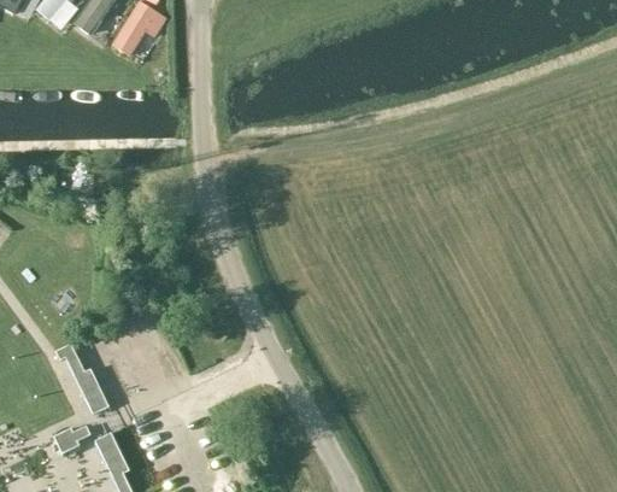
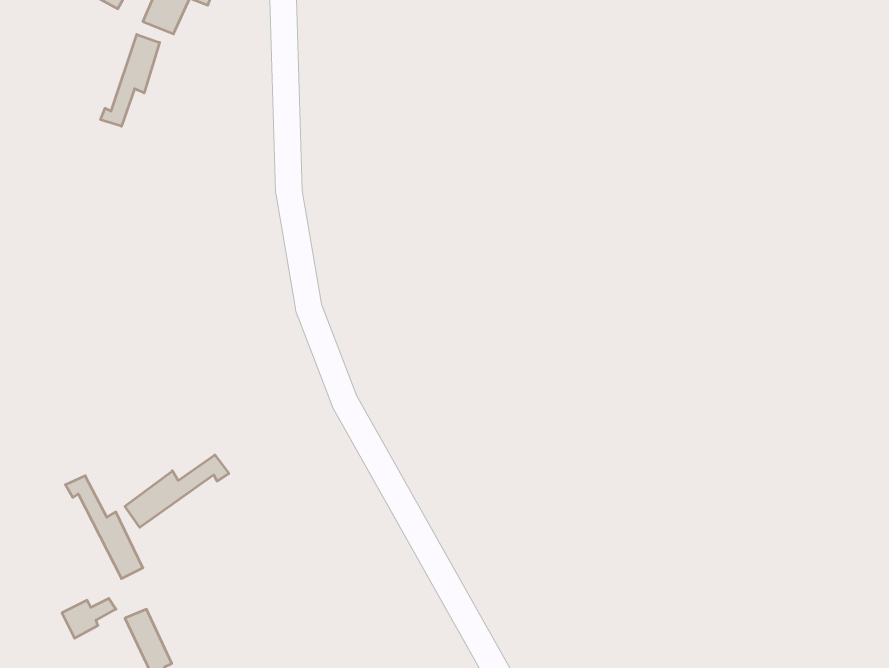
building: none -> [101,34,160,126]
building: none -> [125,455,229,527]

